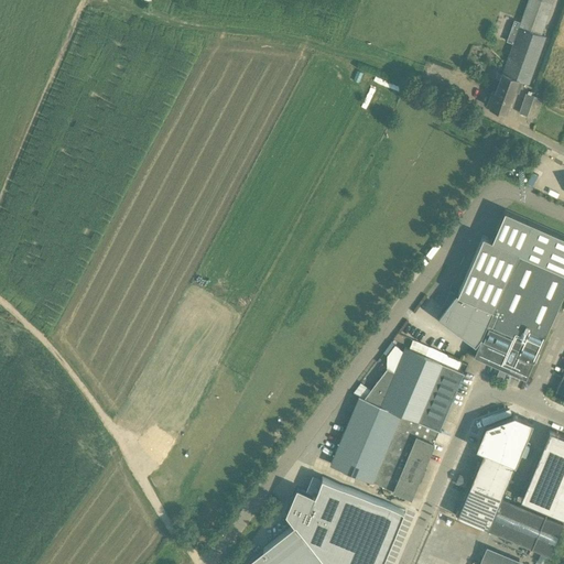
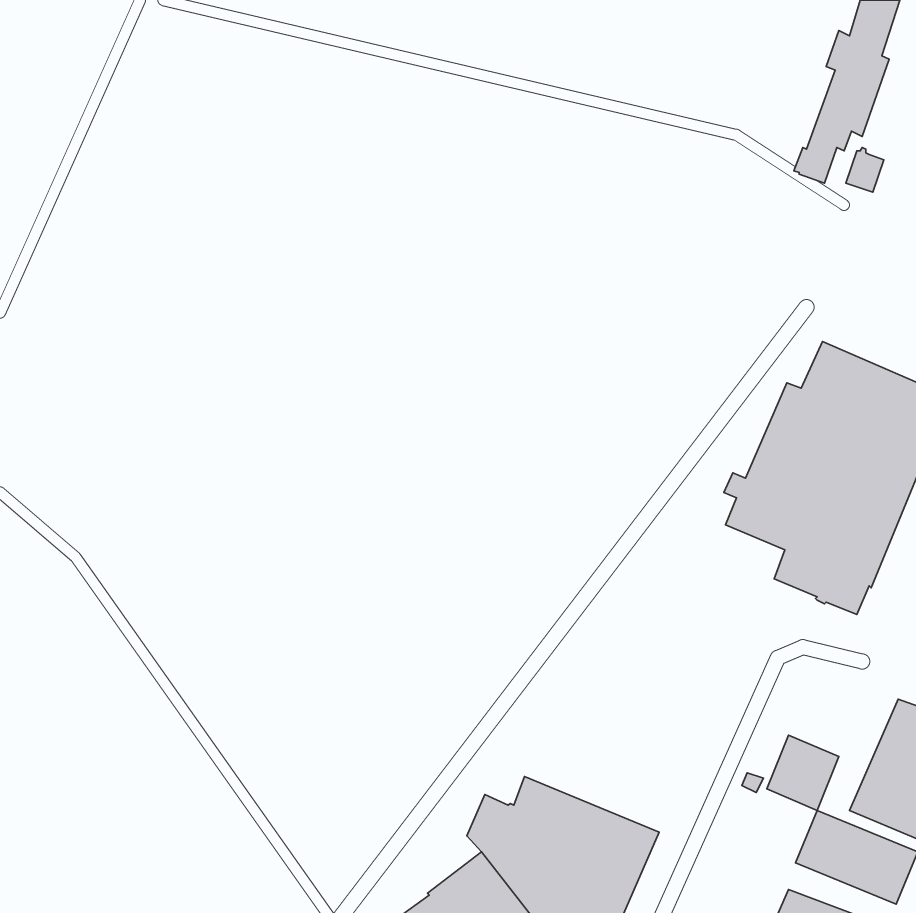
building: [332,349,463,500] -> none
building: [477,417,534,467] -> none
building: [458,487,502,532] -> none

